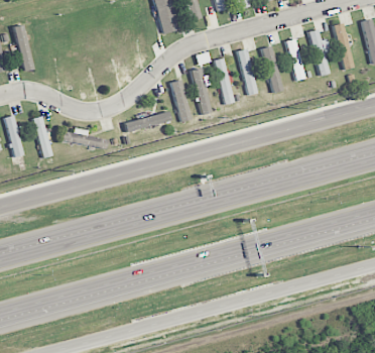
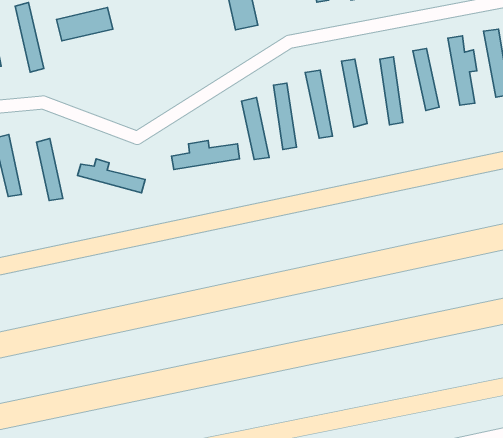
building: none -> [57,8,113,41]

